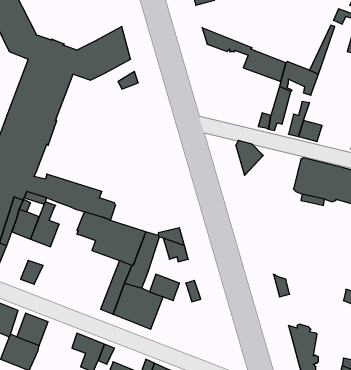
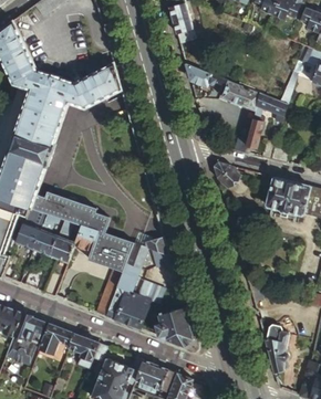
building: none -> [50,219,77,262]
building: none -> [155,306,193,346]
building: none -> [39,322,73,353]

